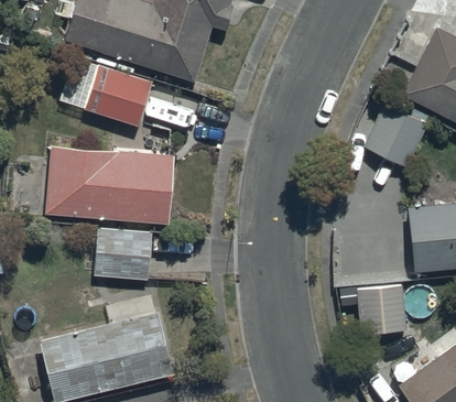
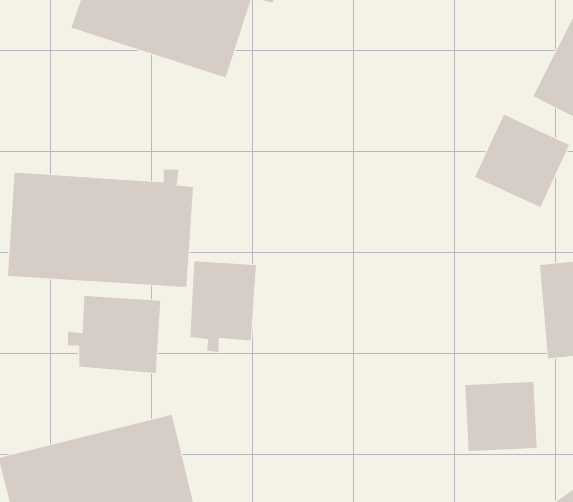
building: [59,59,152,127] -> none
building: none -> [190,260,256,353]

